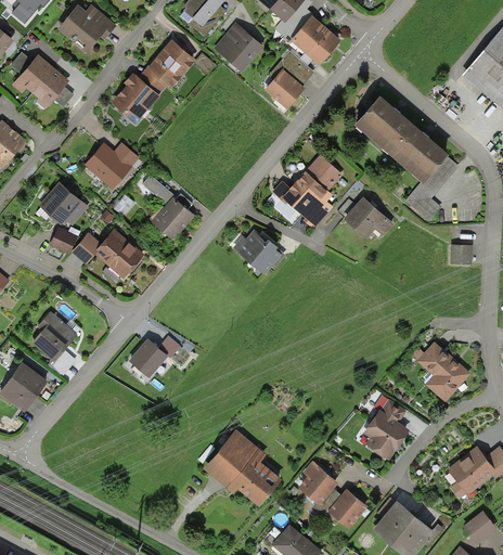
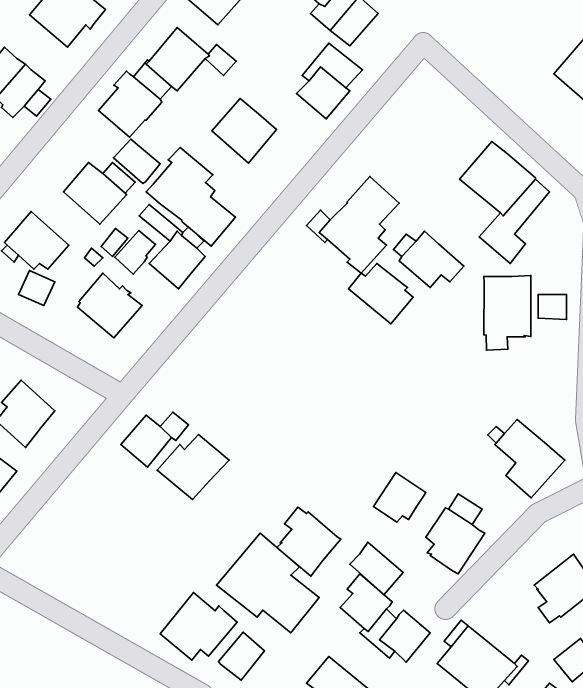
building: [214,23,263,73] -> [212,99,277,163]
building: [305,28,341,66] -> none
building: [354,96,414,156] -> none
building: none -> [114,139,160,184]
building: none -> [146,148,235,246]
building: [232,229,282,275] -> [349,263,413,324]
building: none -> [484,276,531,350]
building: [72,231,103,264] -> [115,231,156,274]
building: none -> [157,435,229,500]
building: none -> [373,472,426,522]
building: none -> [277,507,341,576]
building: none -> [350,542,403,595]
building: none -> [160,593,237,660]
building: none -> [218,632,264,680]

